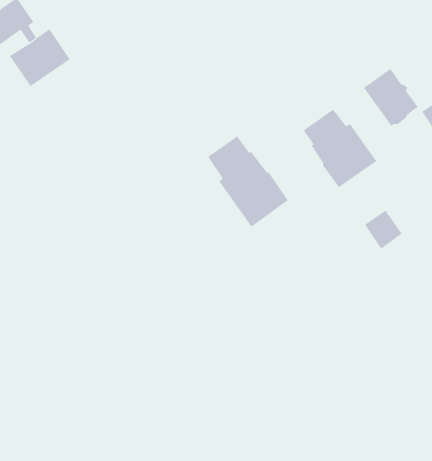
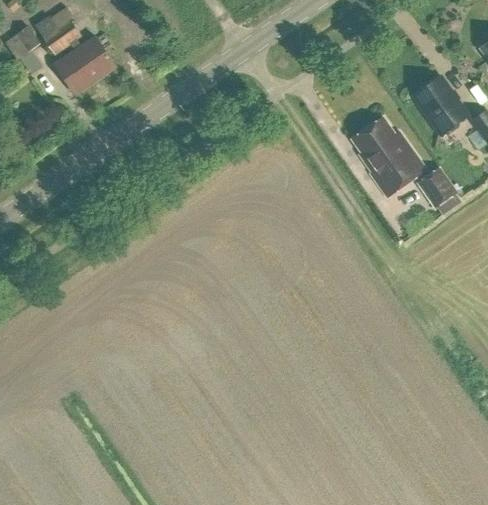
building: [207,135,289,228] -> none
building: [364,210,403,249] -> [417,167,456,207]

